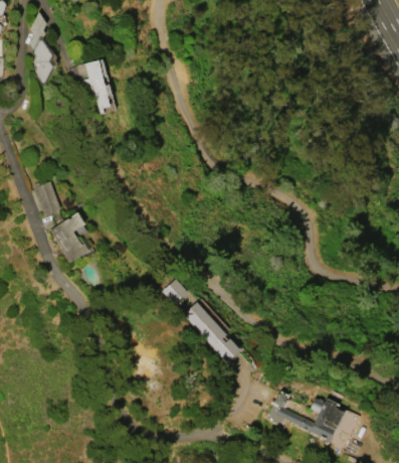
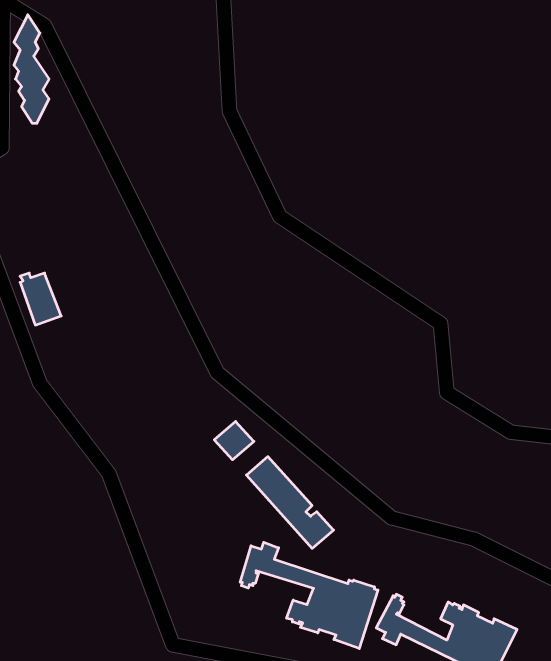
building: [84,59,112,114] -> none
building: [50,211,91,264] -> none
building: none -> [240,542,378,649]

